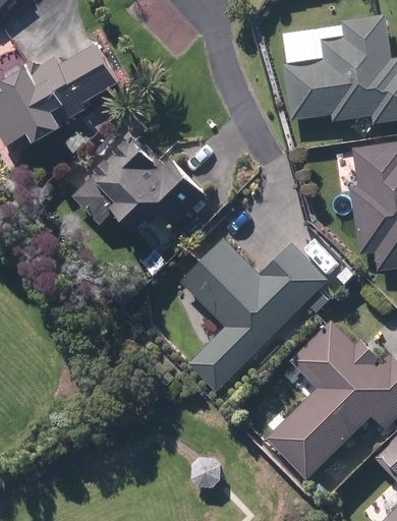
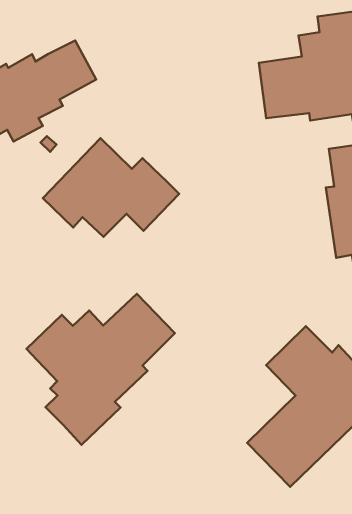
building: [179,237,330,392] -> none
building: none -> [26,294,175,445]

